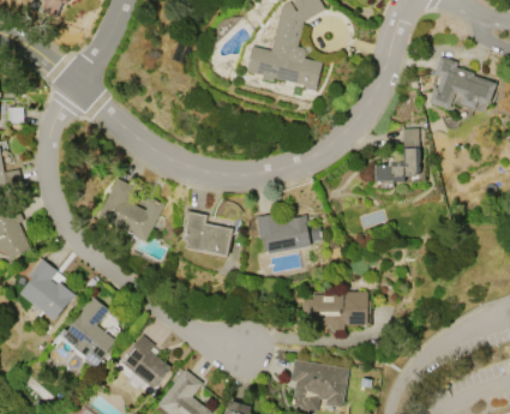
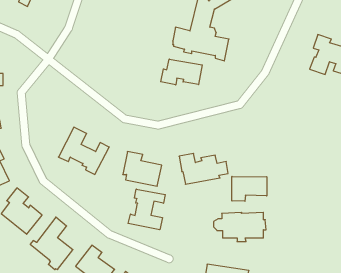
building: none -> [161,59,202,85]
building: [373,128,420,182] -> none
building: none -> [232,176,267,201]
building: none -> [128,189,165,230]

